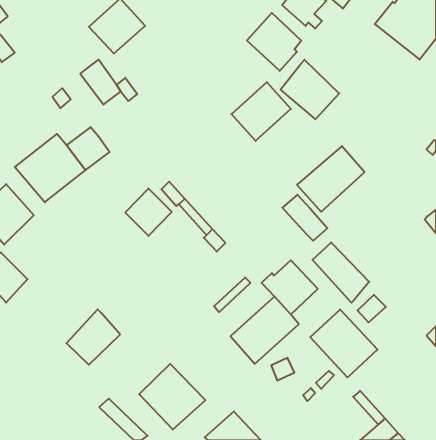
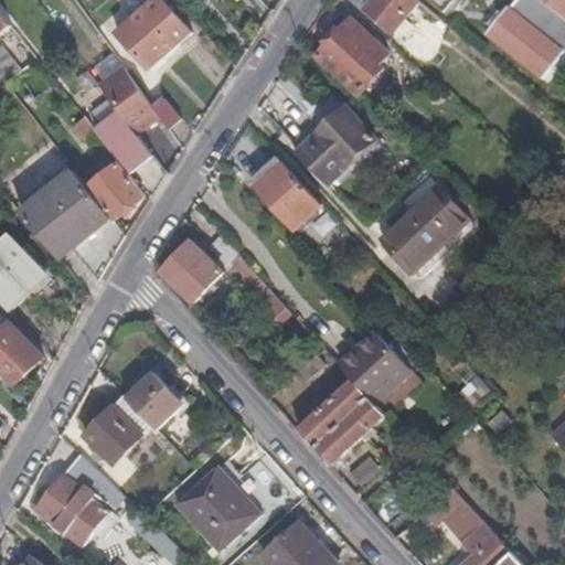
building: [281,60,339,119] -> none
building: none -> [92,110,149,174]
building: none -> [250,154,321,228]
building: [282,195,327,241] -> none
building: [312,242,369,303] -> none
building: none -> [129,375,184,430]
building: [310,309,378,377] -> none
building: none -> [35,457,127,550]

